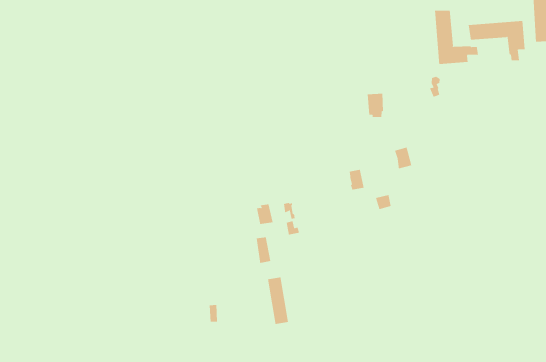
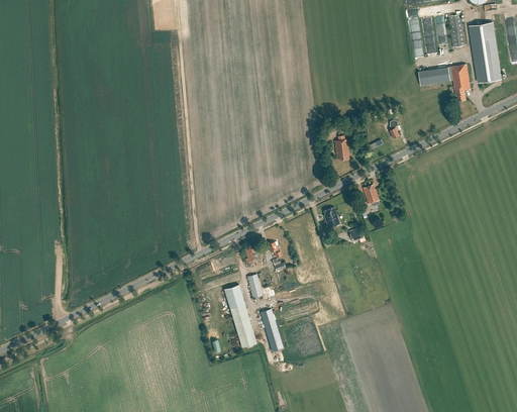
building: [435,10,478,65] -> none
building: none -> [223,284,254,347]

